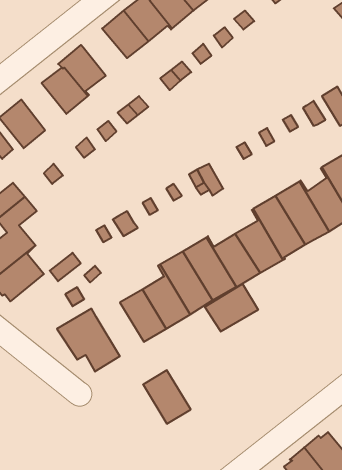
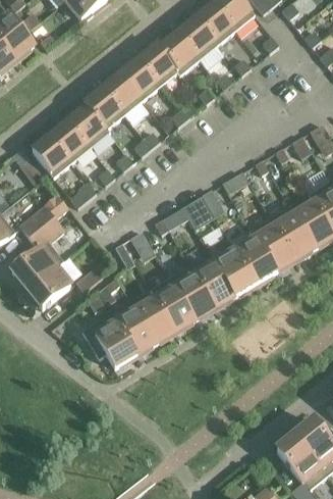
building: none -> [102,72,142,113]
building: none -> [51,119,90,160]
building: [205,284,258,332] -> none
building: [143,370,191,424] -> [115,308,156,354]

